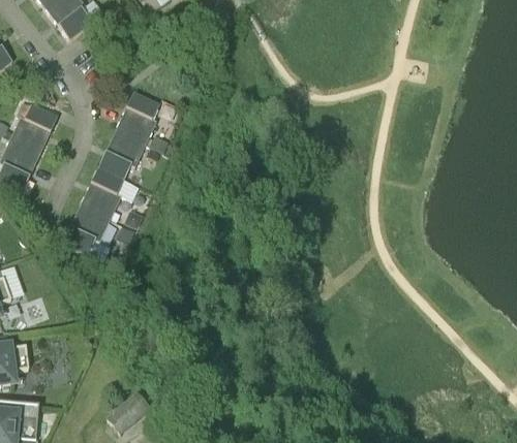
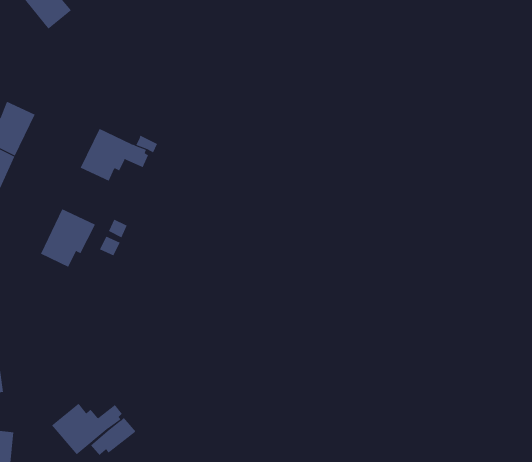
building: [116,91,159,143] -> none
building: [82,164,125,216] -> none
building: none -> [51,403,122,455]

